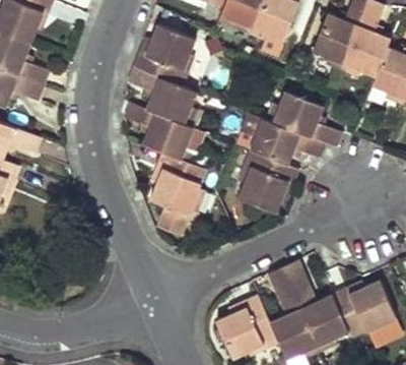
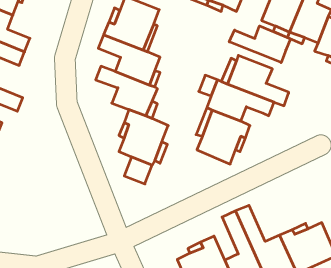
building: none -> [229,26,290,63]

